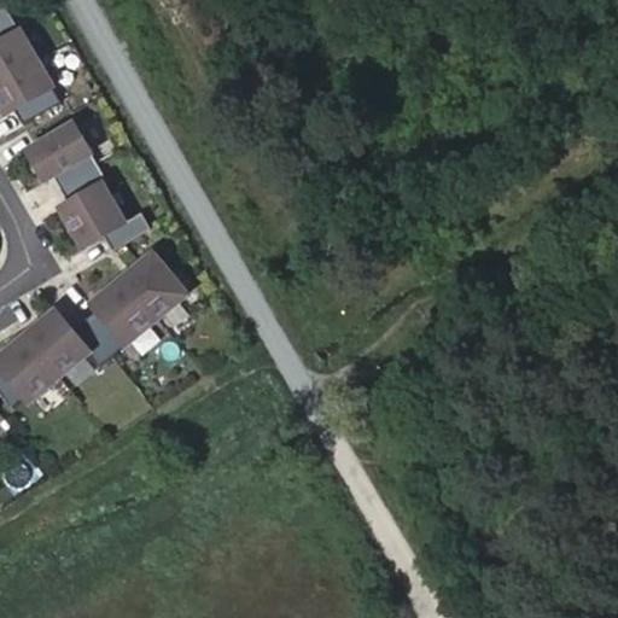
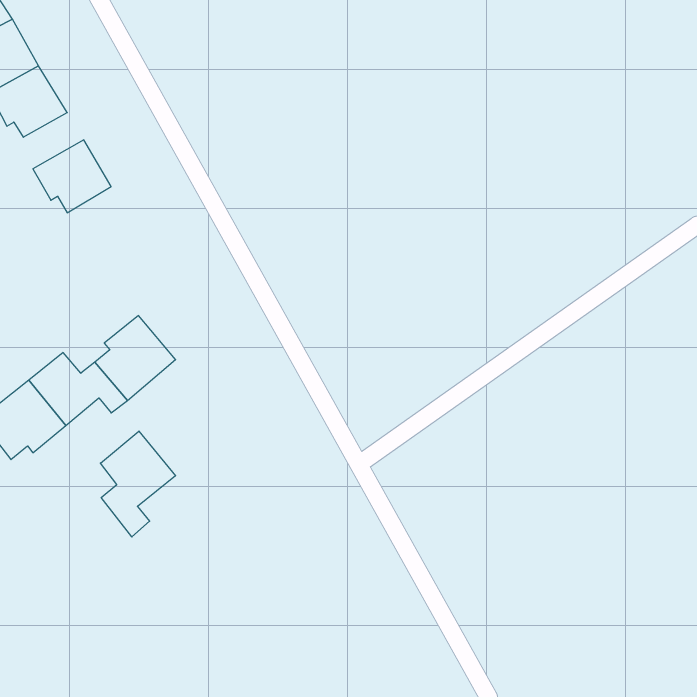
building: [59,164,148,246] -> none
building: [122,252,185,316] -> none
building: none -> [100,431,176,537]

